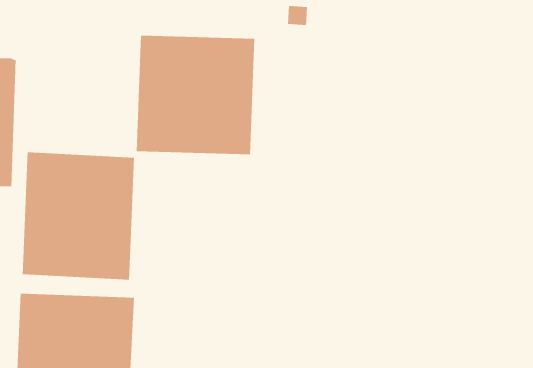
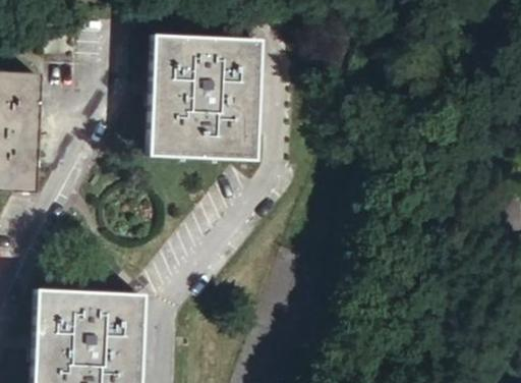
building: [22,152,135,280] -> none

